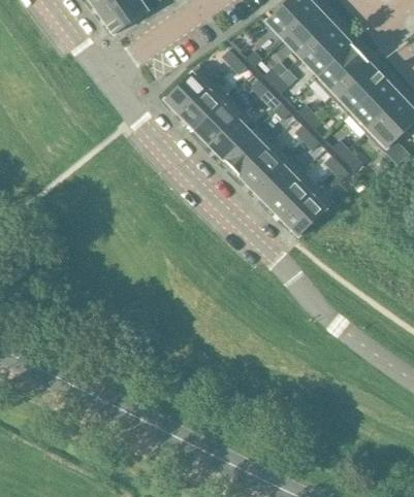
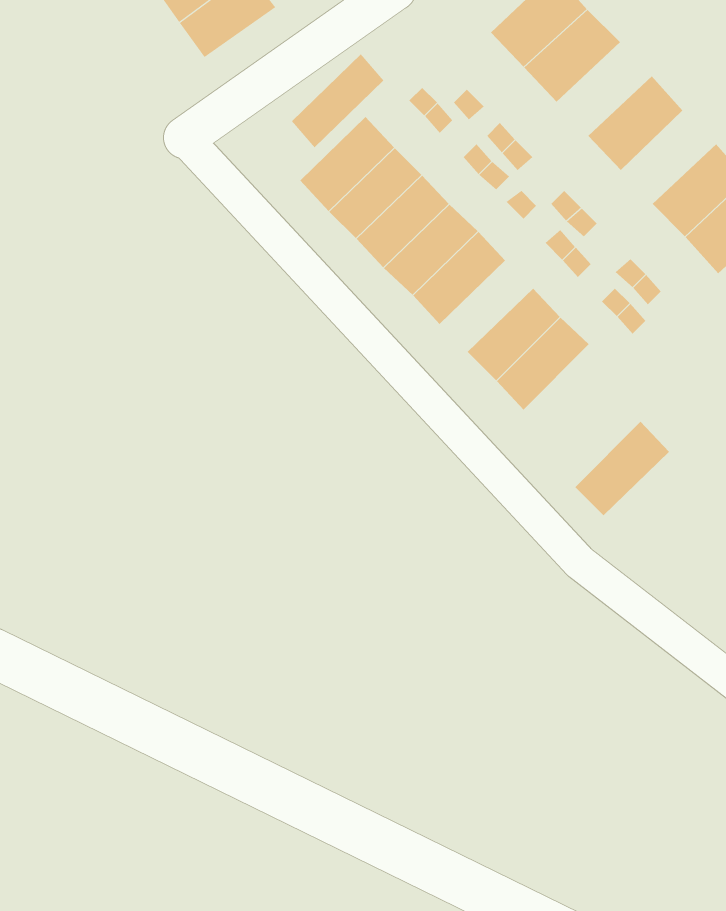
building: [300,26,351,75] -> none
building: none -> [291,54,384,148]
building: [335,62,385,111] -> none
building: [238,141,288,190] -> none
building: [283,186,333,236] -> [574,421,670,516]

